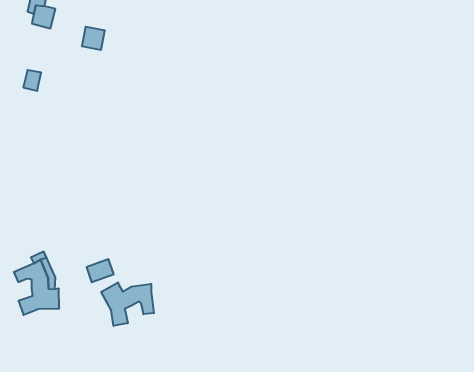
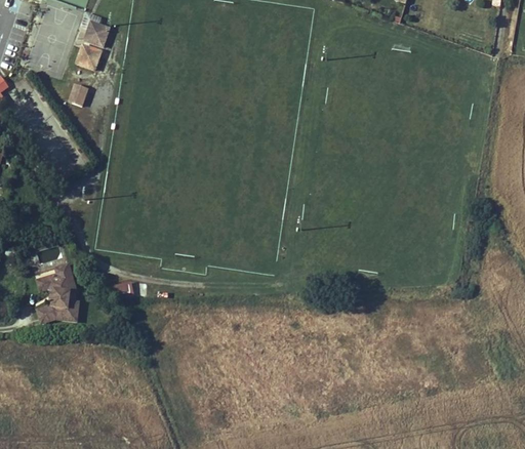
building: [82,27,105,50] -> [76,44,100,69]
building: [101,282,154,326] -> none

